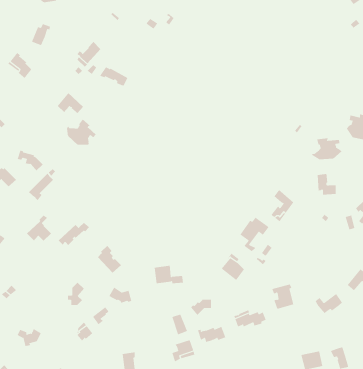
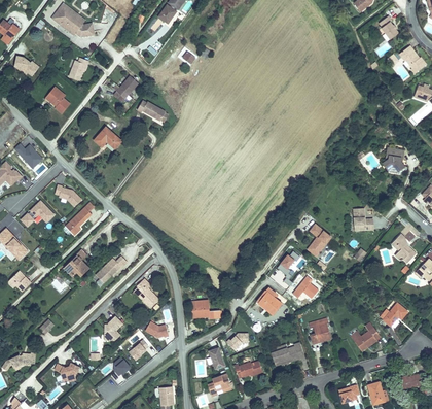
building: [66,118,97,145] -> none
building: [311,138,342,160] -> none

